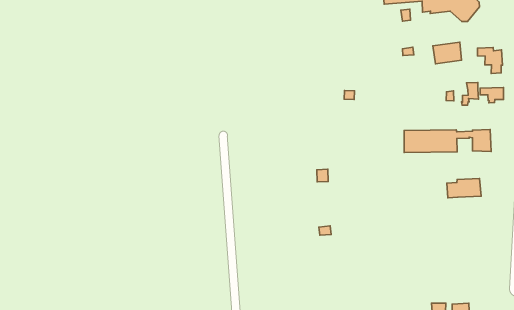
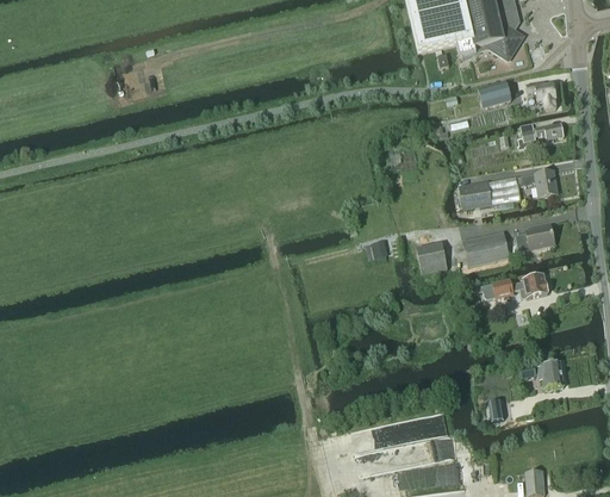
building: none -> [462,231,509,266]
building: none -> [416,244,447,274]
building: none -> [477,275,549,299]

